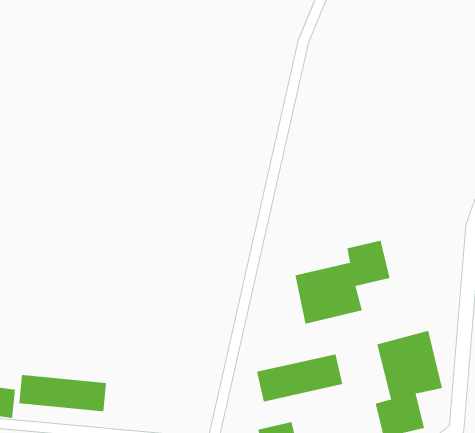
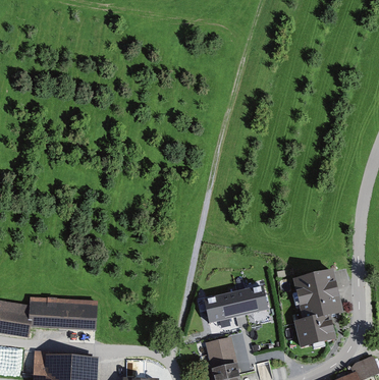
building: [295,240,390,324] -> none

